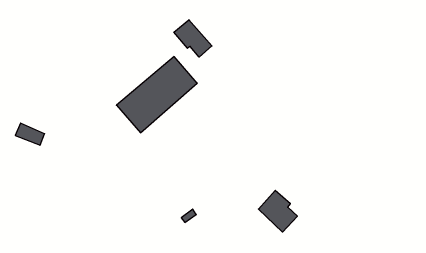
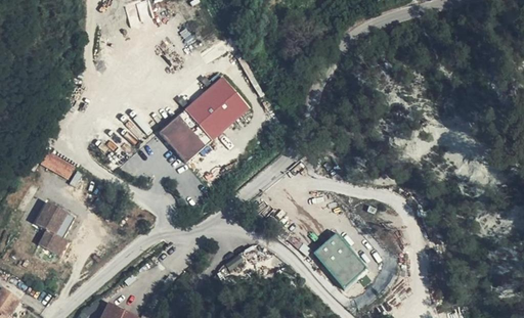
building: [174,20,212,57] -> none
building: none -> [34,201,74,256]

